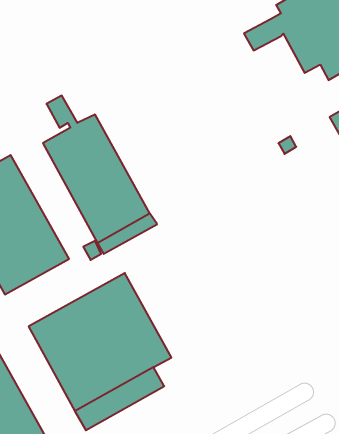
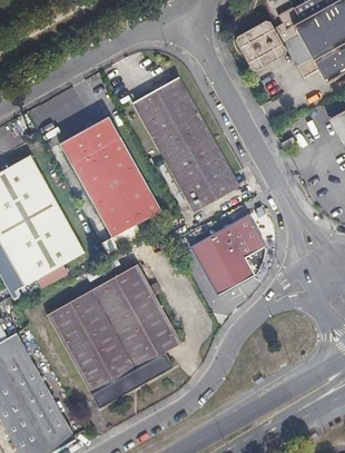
building: none -> [236,19,286,68]
building: none -> [132,76,239,210]
building: none -> [191,214,265,294]

